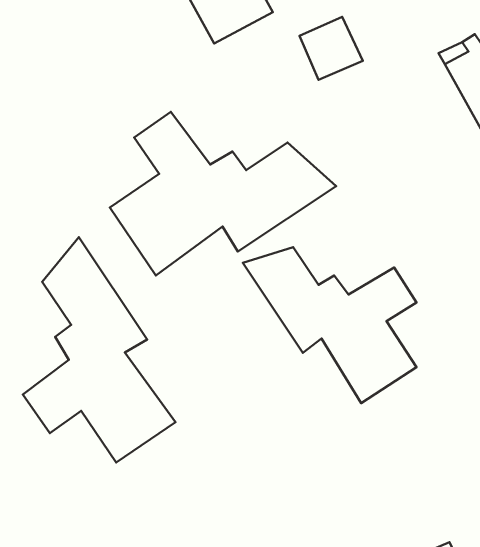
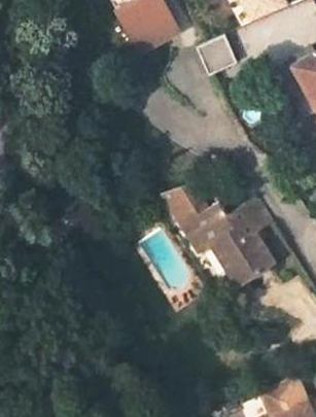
building: [110,112,336,275] -> none
building: [23,237,175,462] -> none

